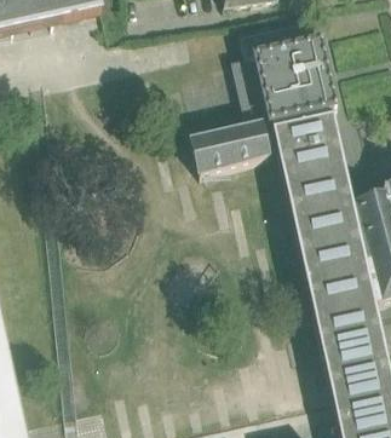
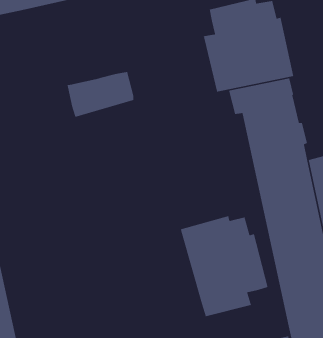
building: [191,122,269,175] -> [66,71,134,118]
building: none -> [180,215,268,317]

